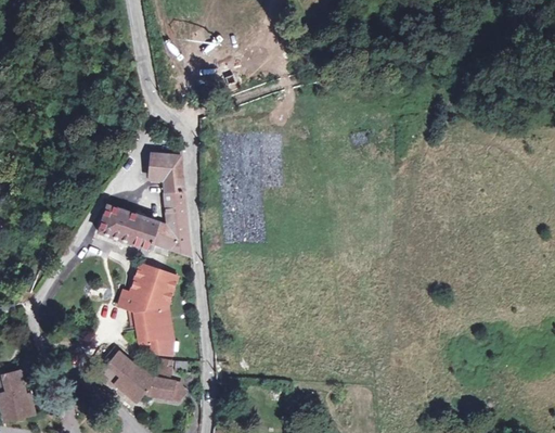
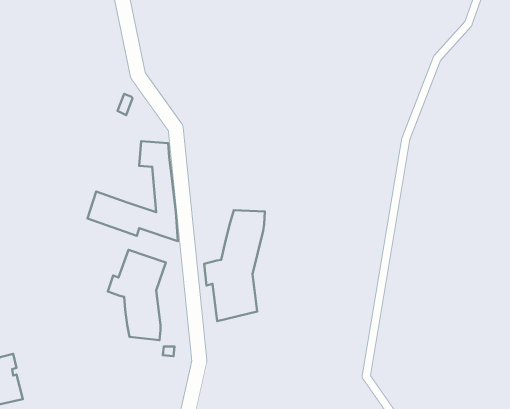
building: none -> [204,210,265,321]
building: [102,348,185,402] -> none

